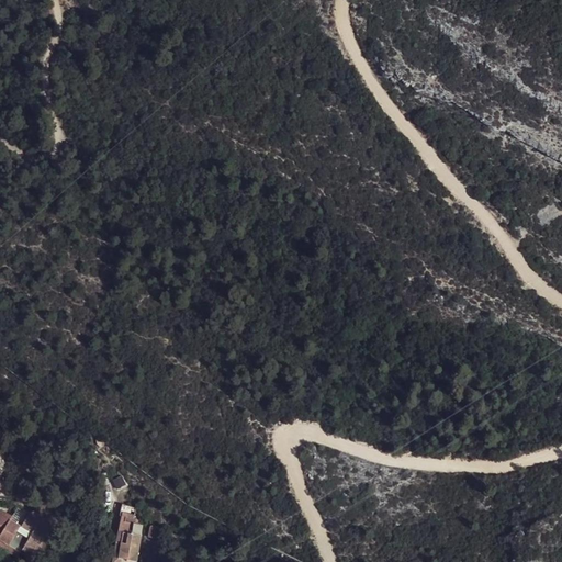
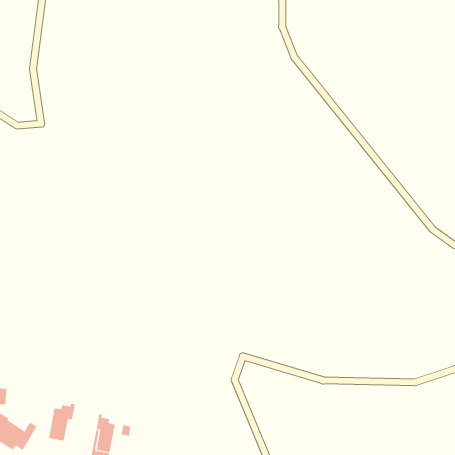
building: none -> [49,403,75,441]

